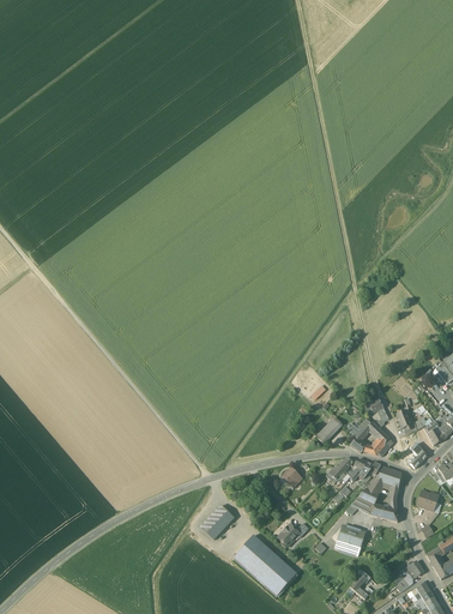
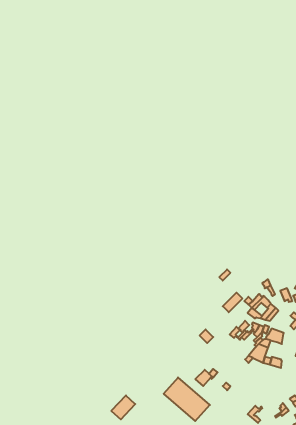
building: [200,505,234,538] -> [111,395,135,419]
building: [334,525,366,555] -> none

